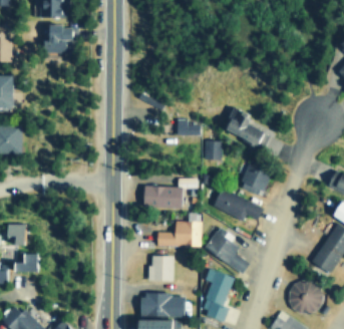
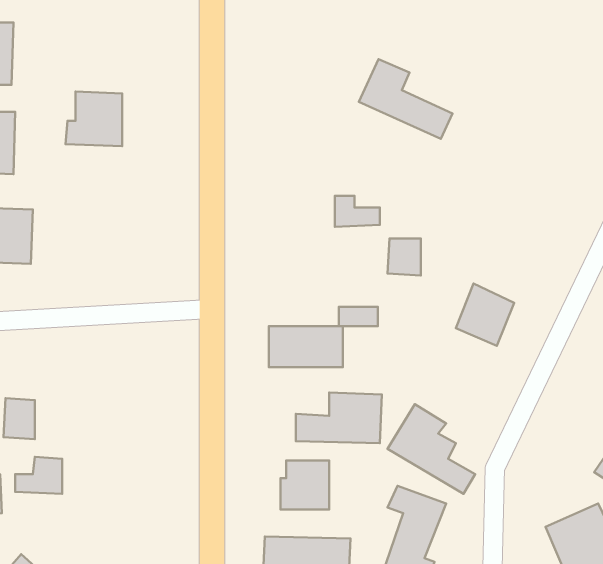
building: [44,26,73,54] -> [66,92,122,146]
building: [224,107,272,148] -> [359,59,452,139]
building: [214,189,264,220] -> none

